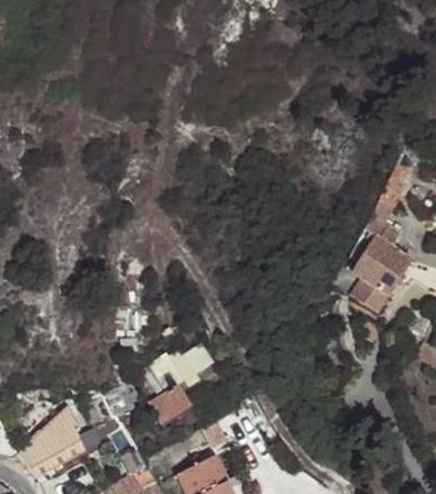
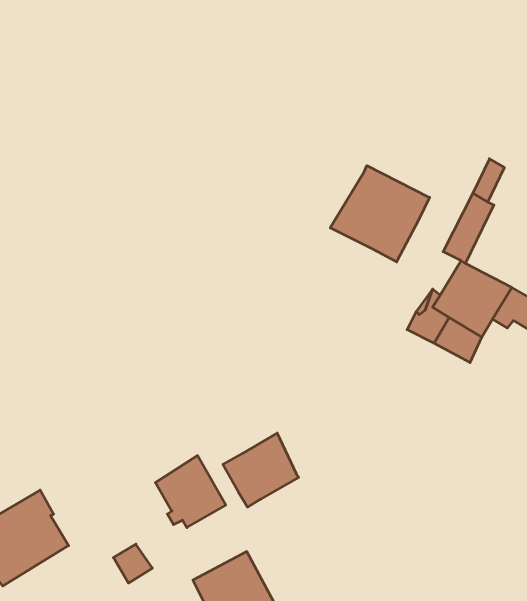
building: none -> [330,166,430,262]
building: none -> [223,433,299,507]

